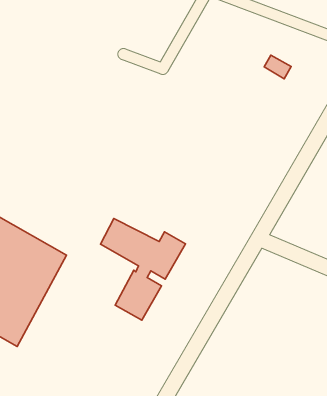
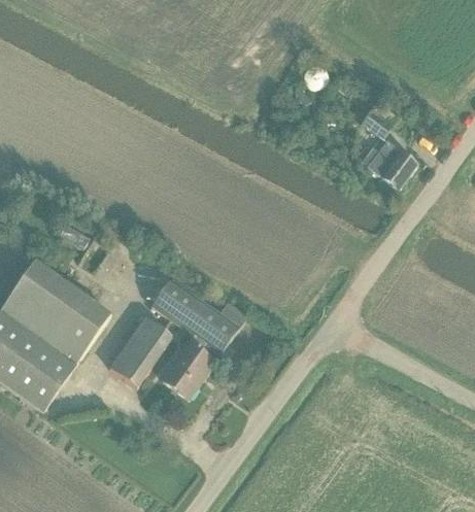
building: none -> [361,139,417,186]
building: none -> [109,315,173,386]

